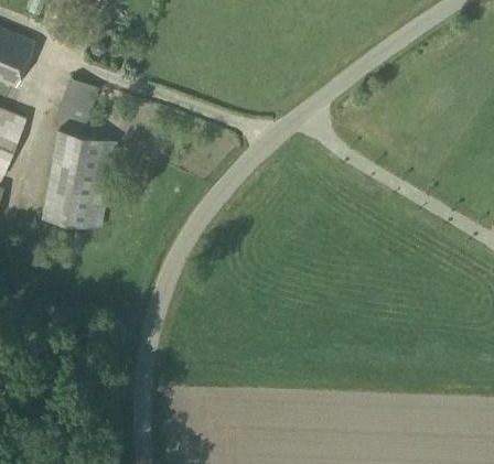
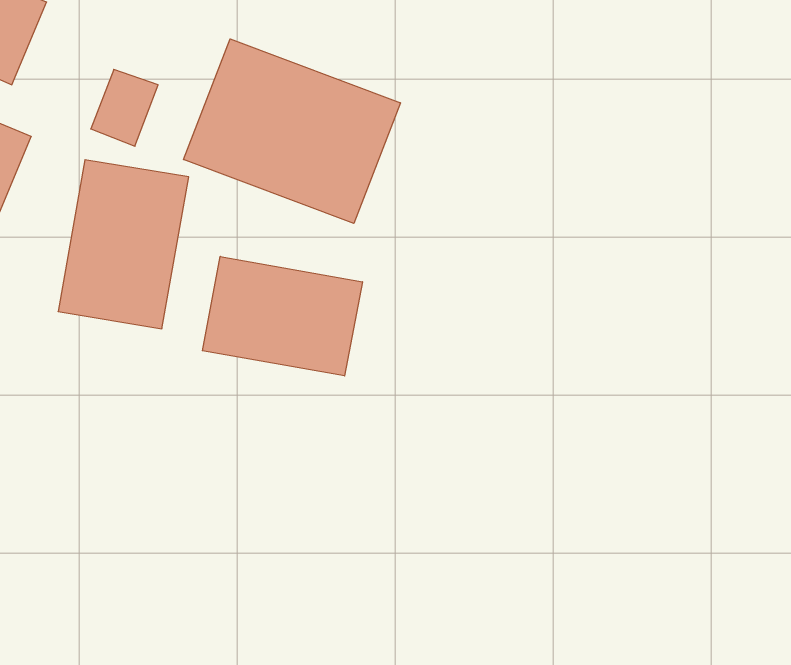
building: none -> [184,39,400,223]
building: none -> [202,256,362,376]

